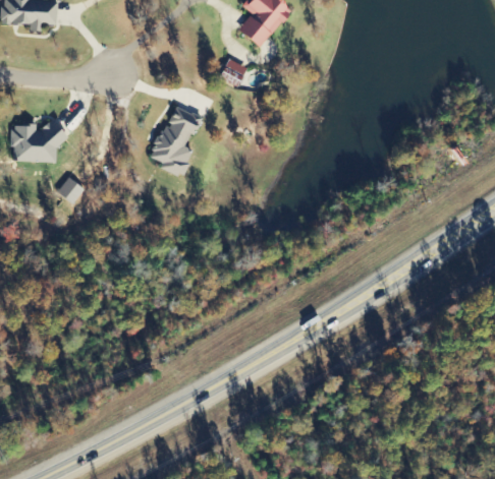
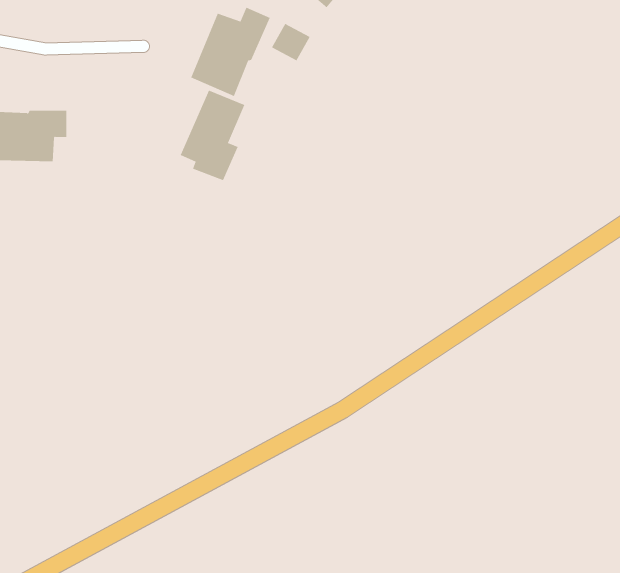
building: none -> [191,7,270,97]
building: [56,176,84,202] -> none

